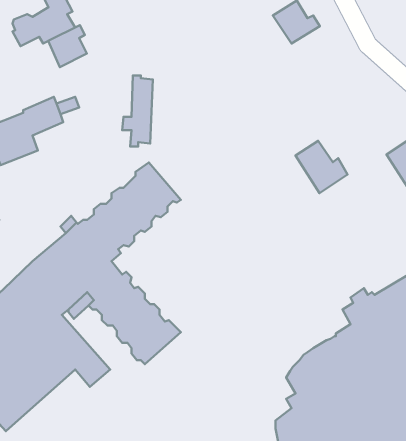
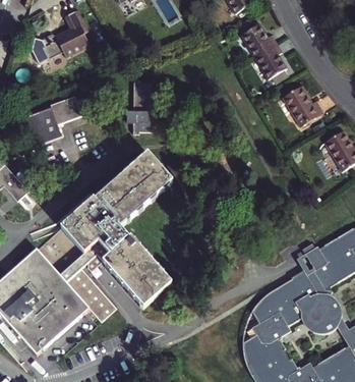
building: [48,25,87,67] -> none
building: none -> [255,44,286,79]
building: [295,141,347,193] -> [287,86,327,125]

